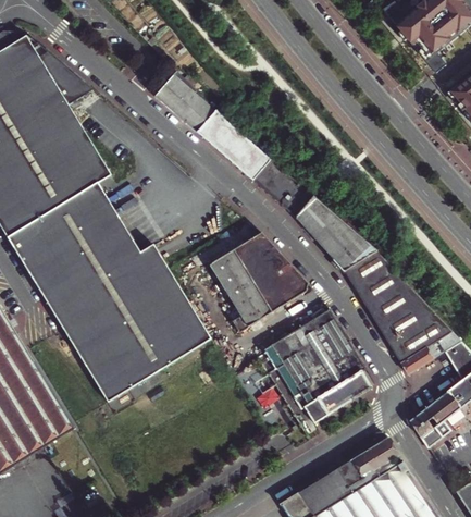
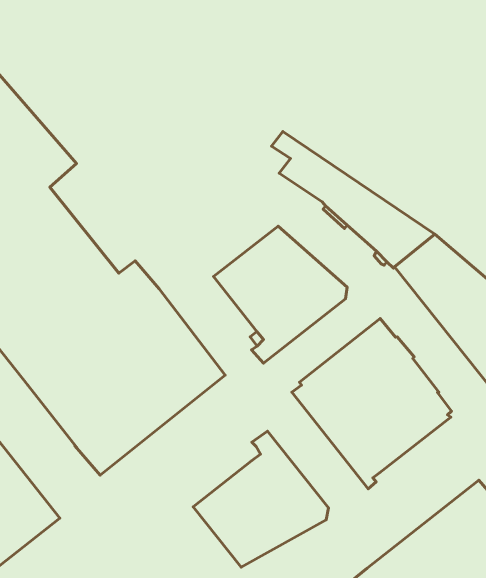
building: [153,72,276,193] -> none
building: none -> [193,431,328,567]

